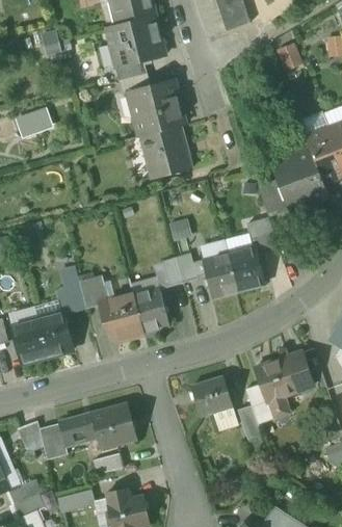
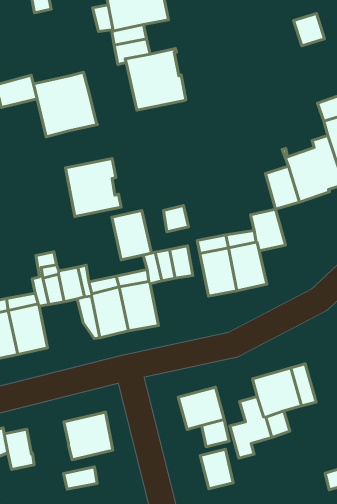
building: none -> [33,72,97,137]
building: [140,126,191,179] -> [66,158,121,216]
building: none -> [112,210,151,260]
building: [58,415,96,445] -> none
building: none -> [200,449,233,489]

